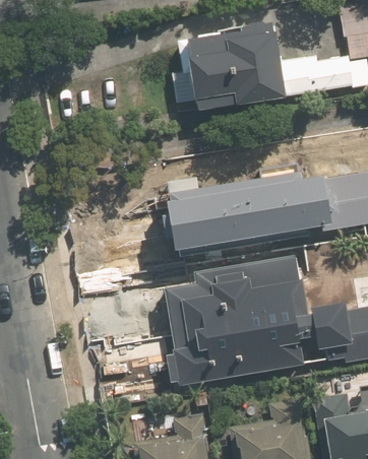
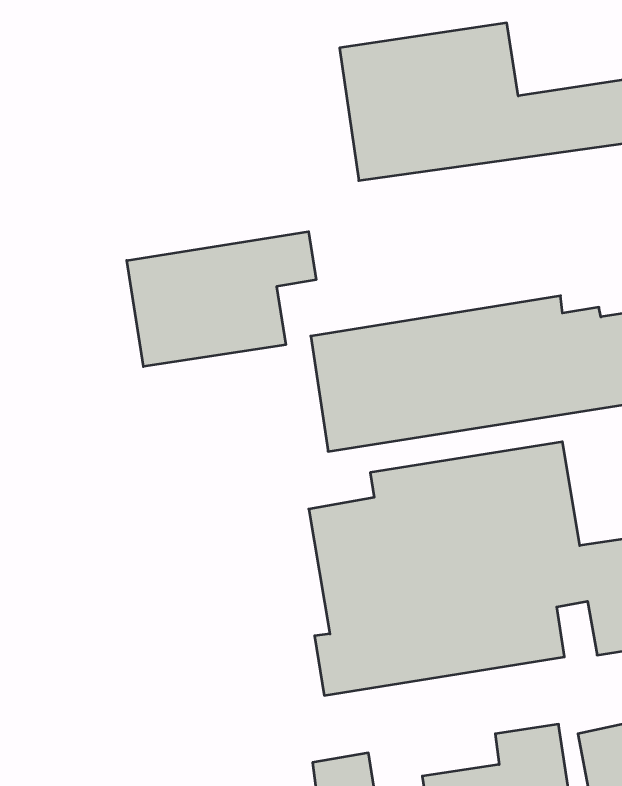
building: none -> [127,232,316,367]

